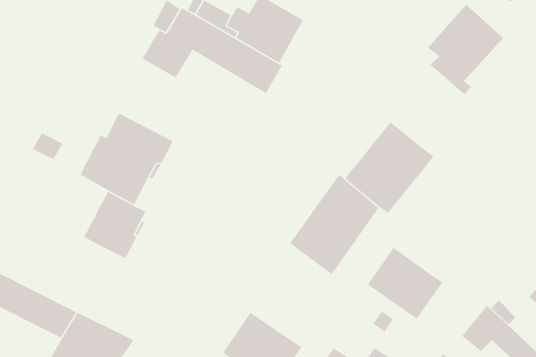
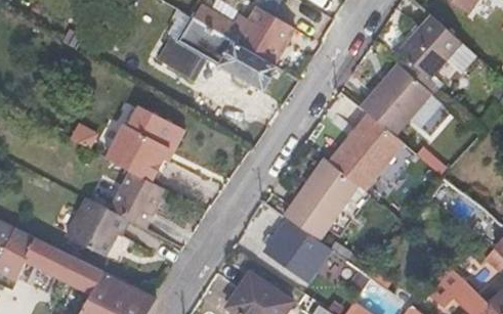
building: none -> [361,62,432,135]
building: none -> [67,197,129,257]
building: [367,247,444,320] -> [265,219,330,280]

